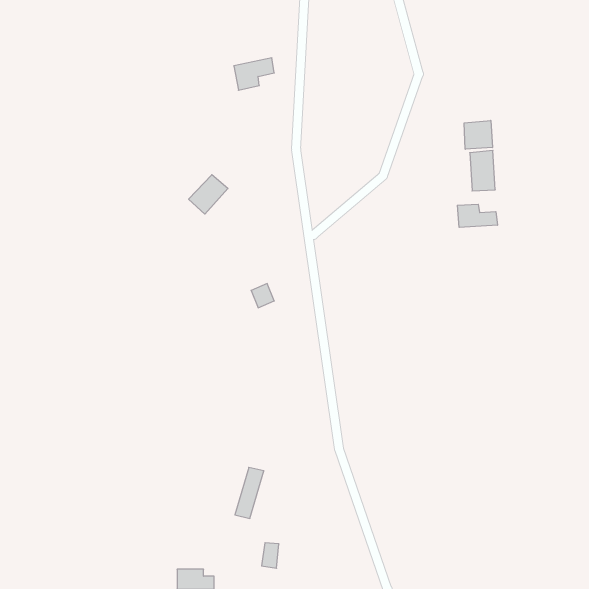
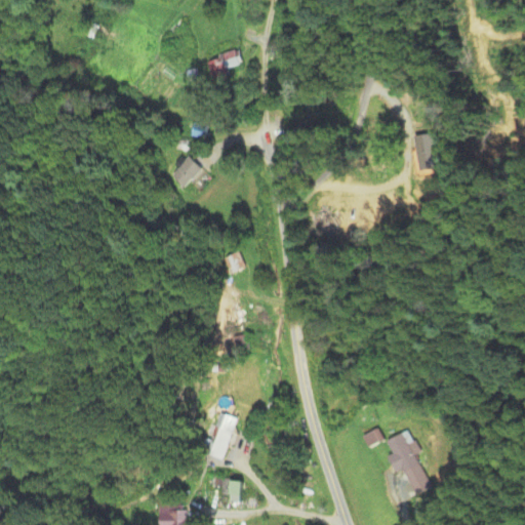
building: [464,120,492,149] -> none
building: [457,204,497,227] -> none
building: none -> [386,430,430,494]

